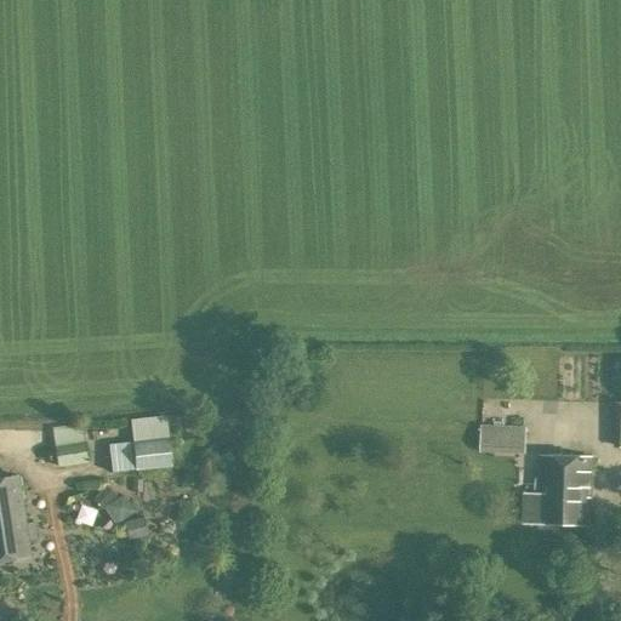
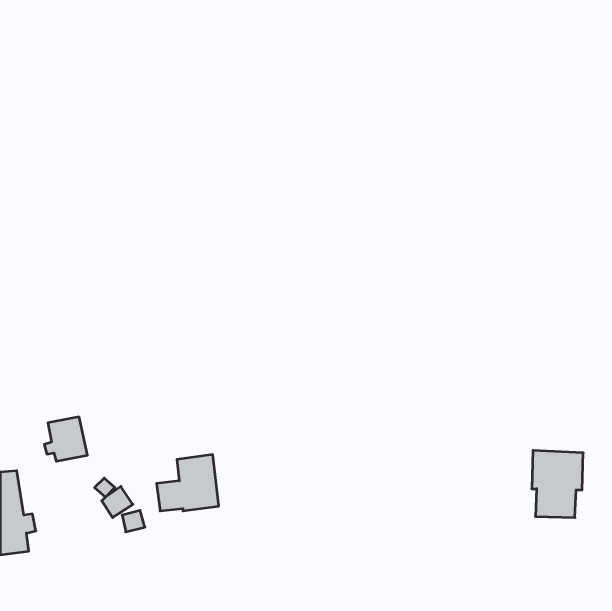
building: [108,414,171,471] -> [157,455,219,511]
building: [479,423,526,452] -> none

